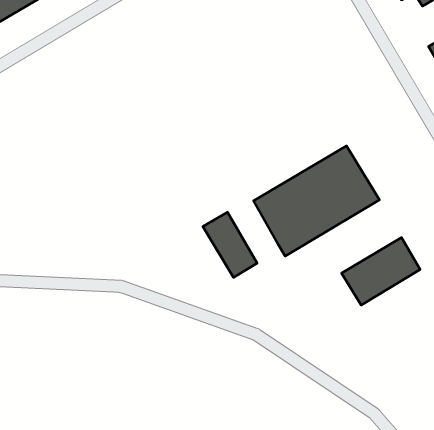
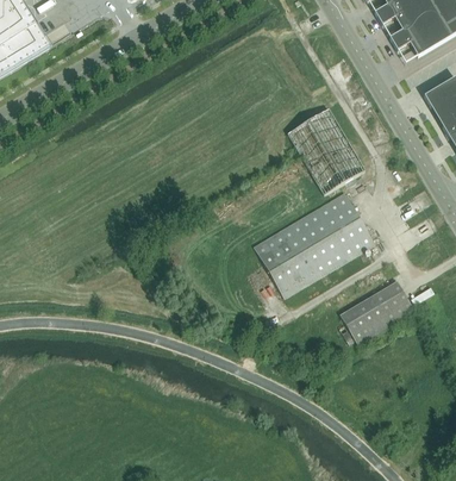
building: none -> [287,107,366,194]
building: [203,212,257,278] -> none

